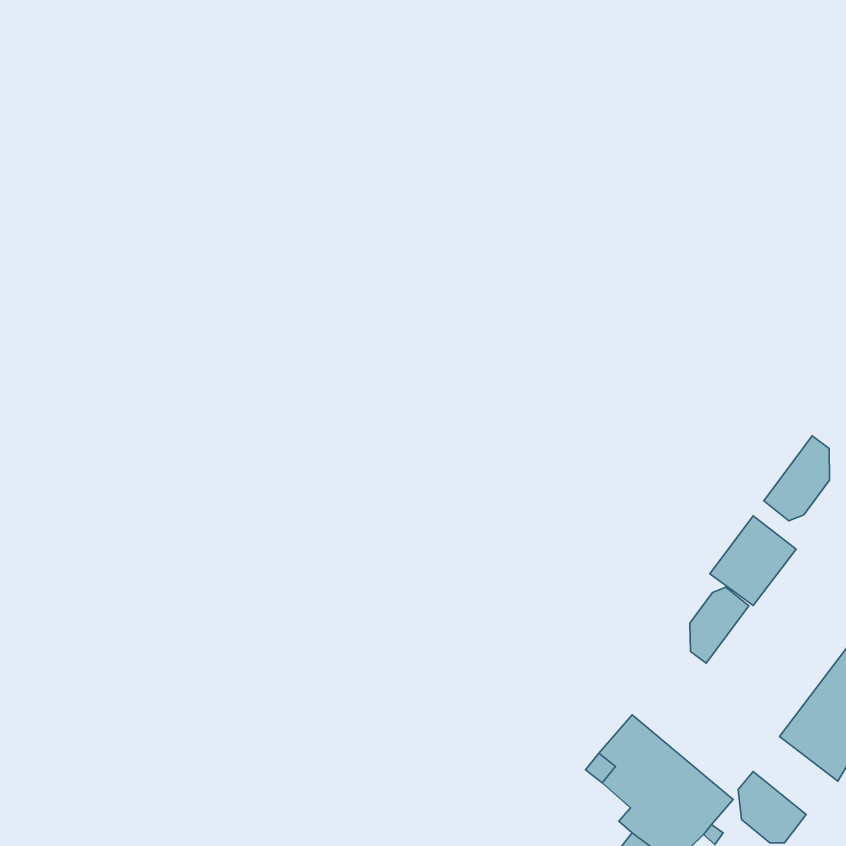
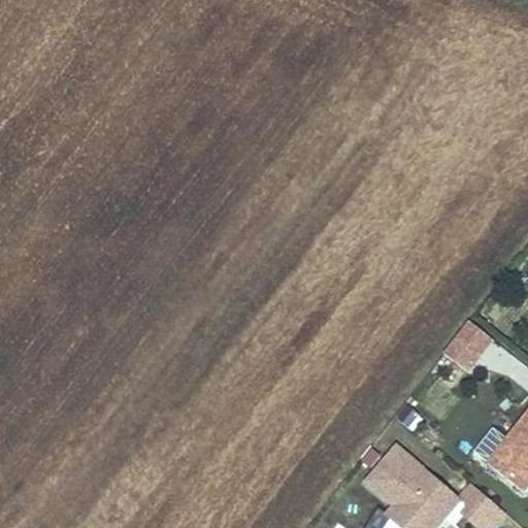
building: [764,436,829,521] -> none
building: [690,587,749,663] -> none

